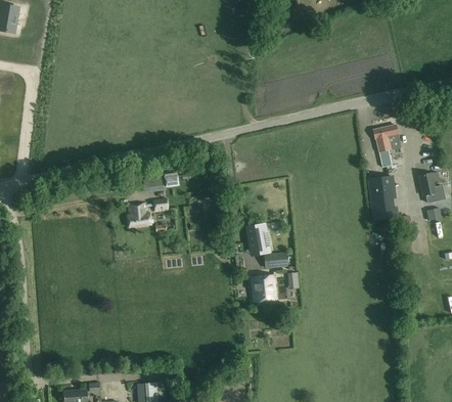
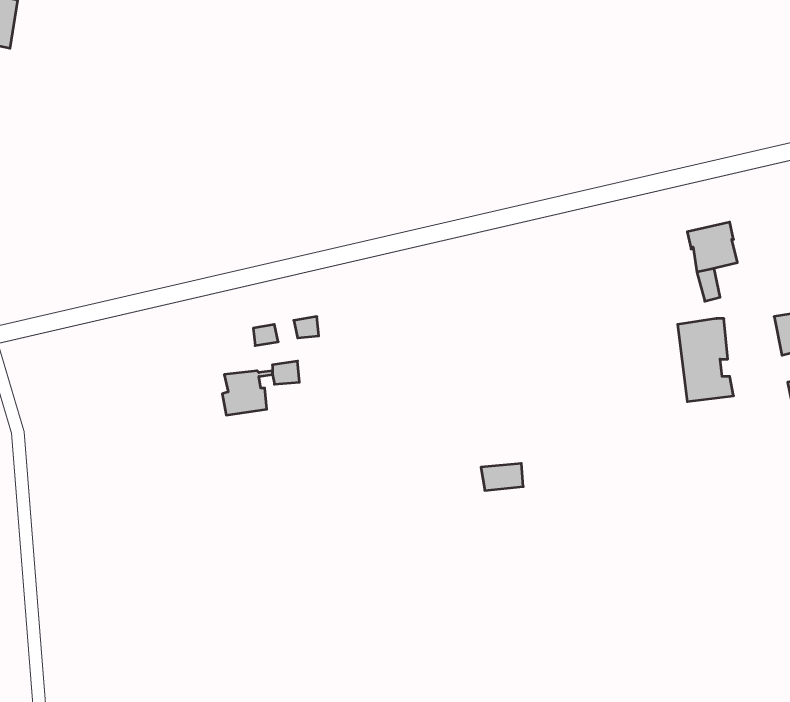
building: [247,223,270,254] -> none
building: [252,274,276,302] -> none

